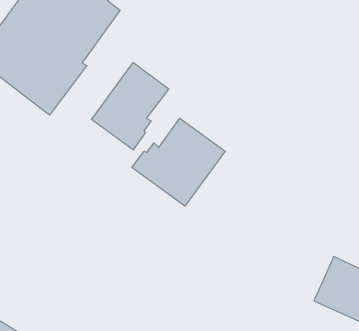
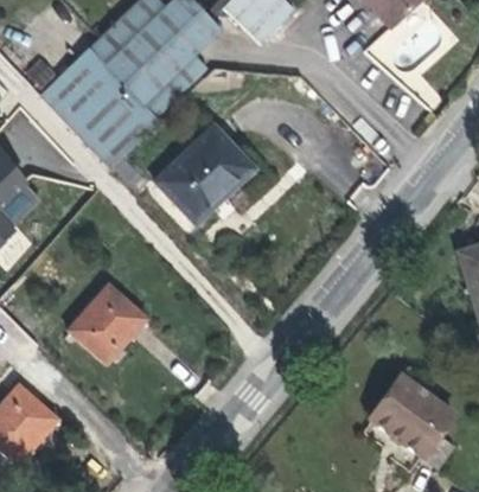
building: [132,118,225,206] -> none
building: none -> [69,286,148,364]

